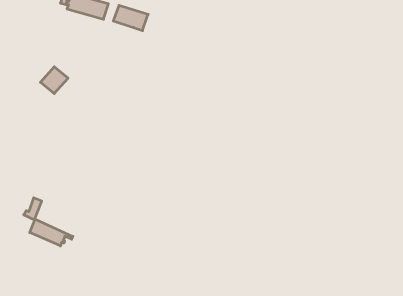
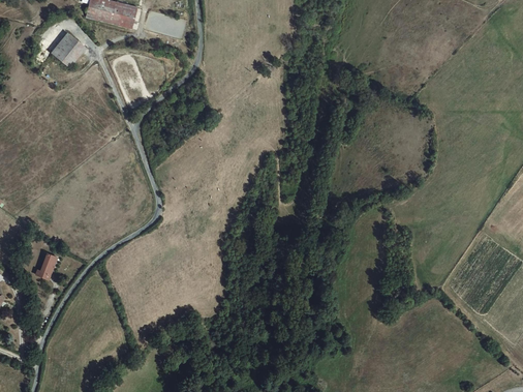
building: [40,67,68,94] -> [50,32,85,66]
building: [30,219,73,246] -> none

